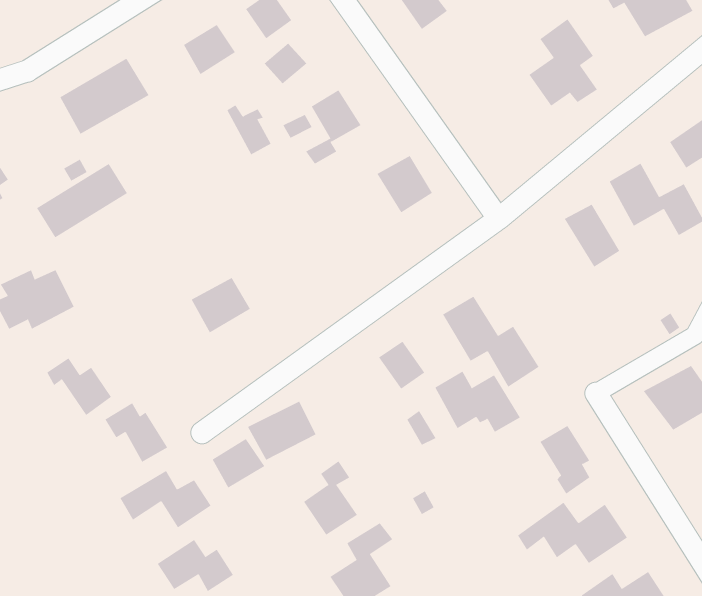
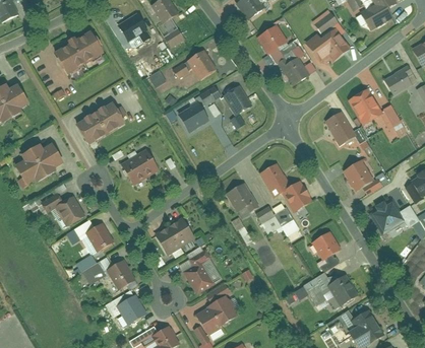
building: none -> [261,24,315,83]
building: none -> [178,85,220,132]
building: [36,163,128,238] -> [75,100,125,141]
building: none -> [343,158,370,189]
building: [212,438,265,489] -> none

